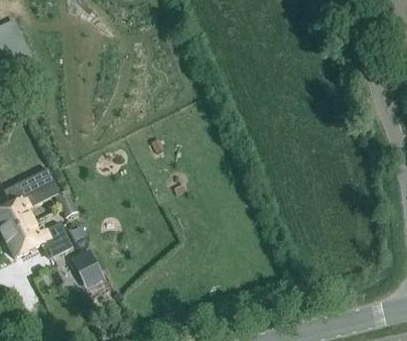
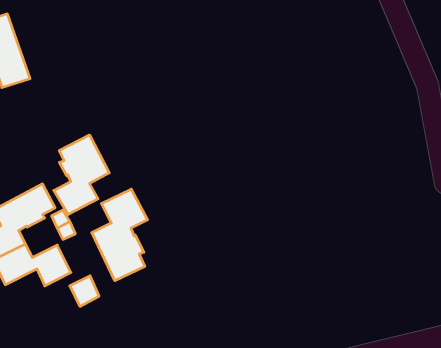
building: none -> [54,135,109,215]
building: none -> [92,189,148,281]

